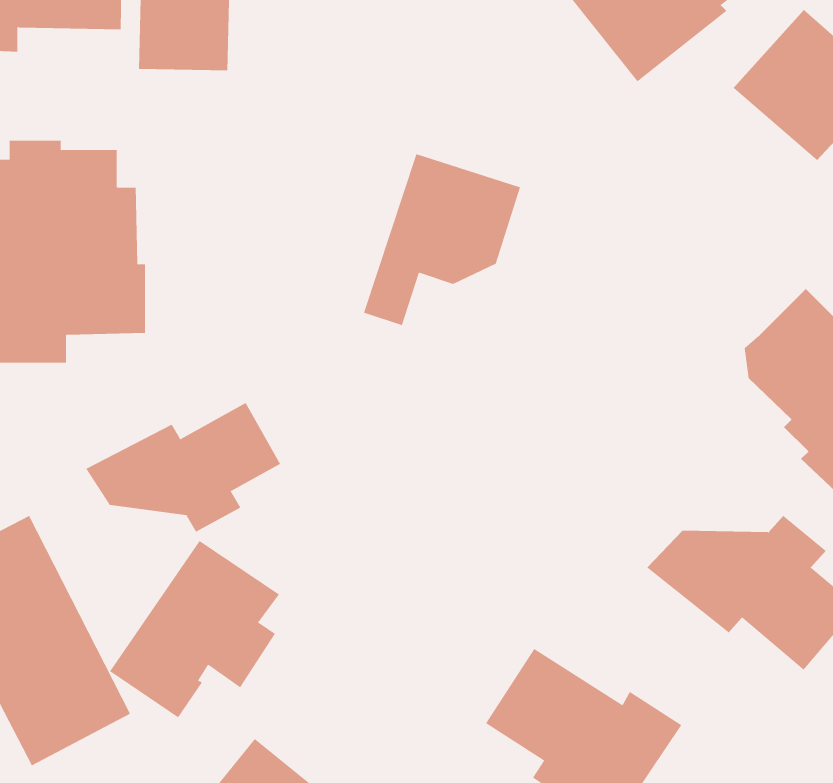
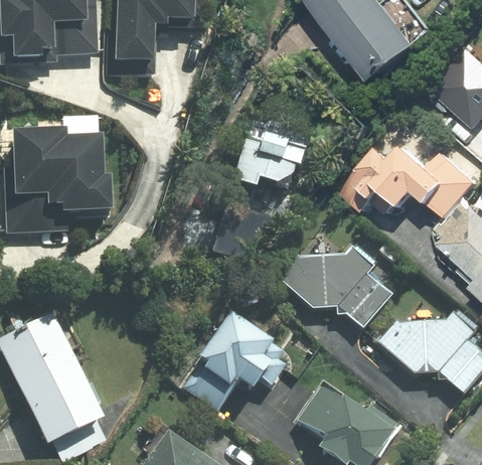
building: none -> [343,142,476,215]
building: none -> [279,245,392,328]
building: [86,402,281,532] -> none
building: [109,540,280,718] -> [183,314,275,410]

